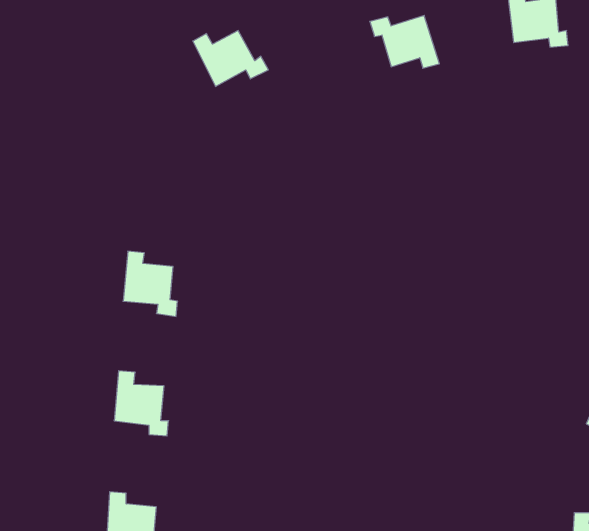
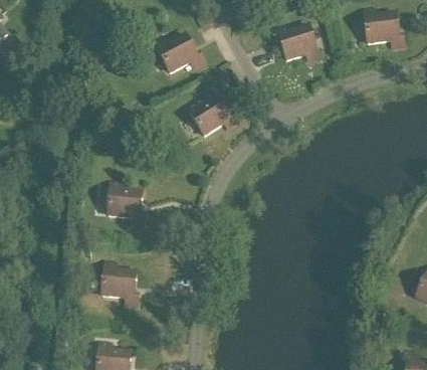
building: none -> [185,96,237,135]

